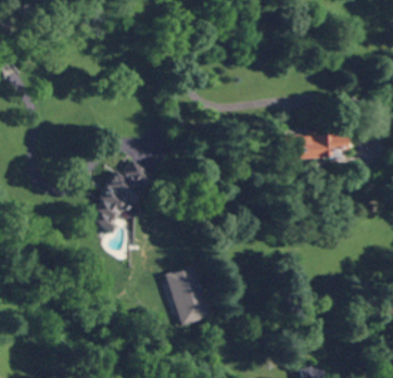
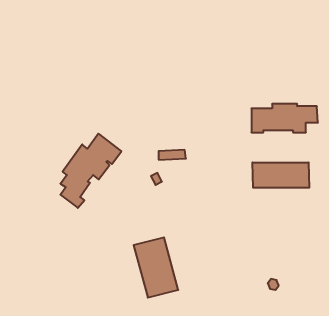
building: none -> [252,162,309,188]

